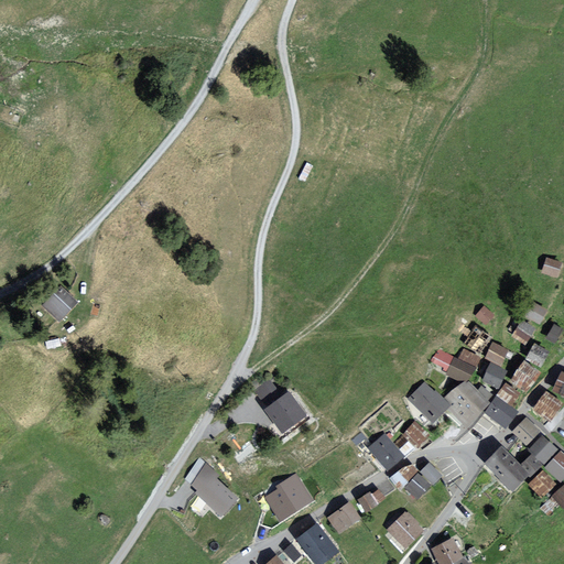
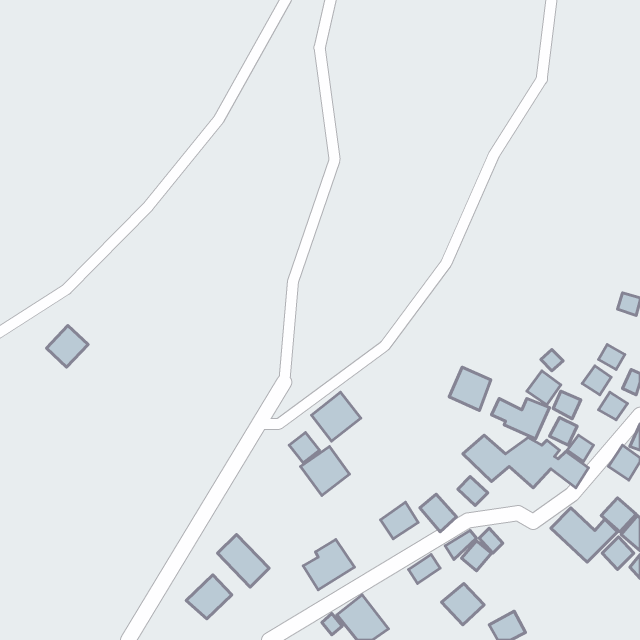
building: none -> [449,367,491,410]
building: none -> [311,392,361,441]
building: [510,361,541,392] -> none
building: [511,417,541,447] -> none
building: [327,501,360,533] -> [380,502,418,539]
building: none -> [186,575,232,619]

